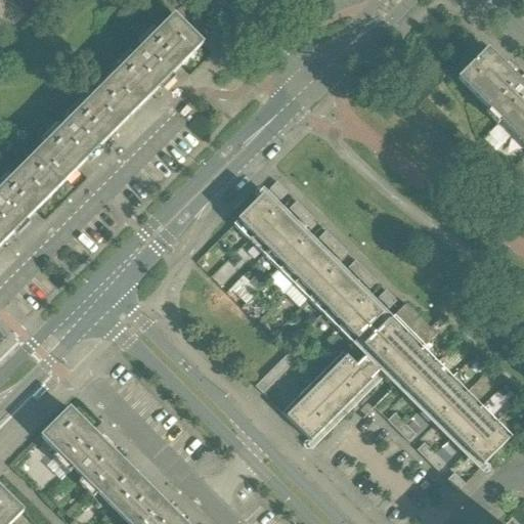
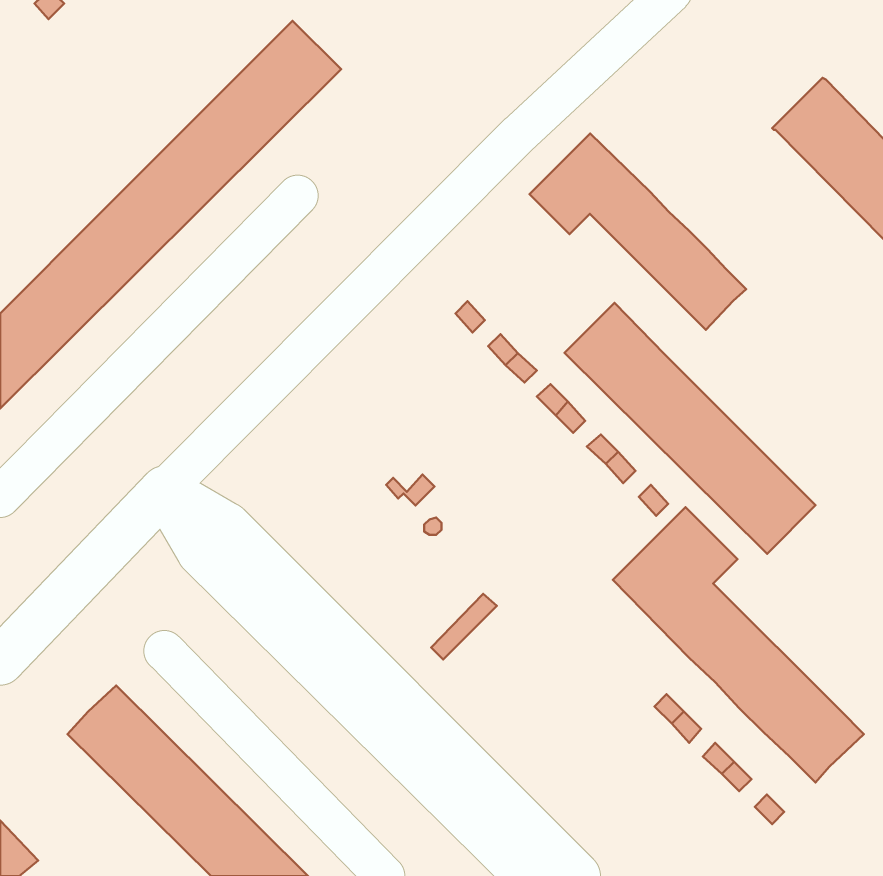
building: none -> [530,133,746,330]
building: [233,192,382,341] -> [564,303,816,554]
building: [282,349,379,439] -> none

